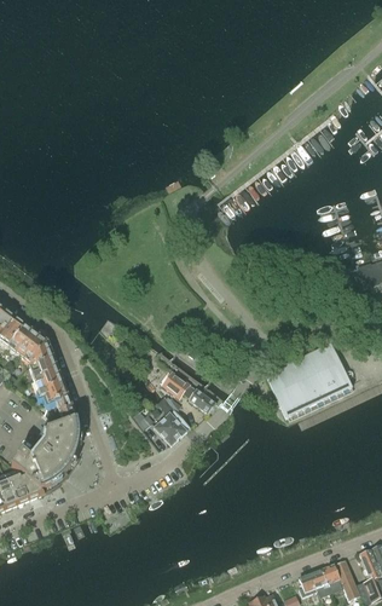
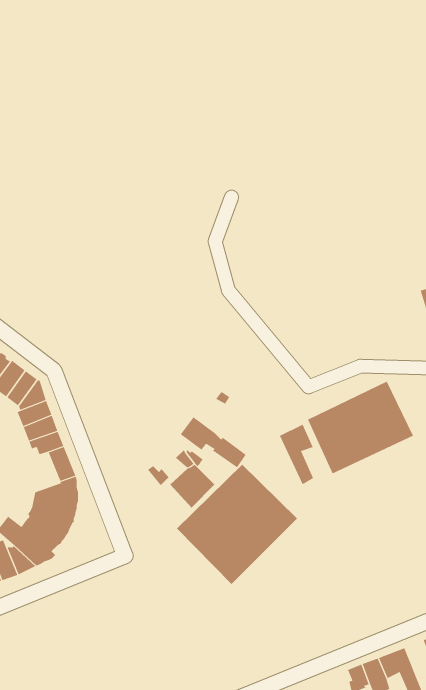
building: none -> [279,424,314,485]
building: none -> [176,464,298,585]

